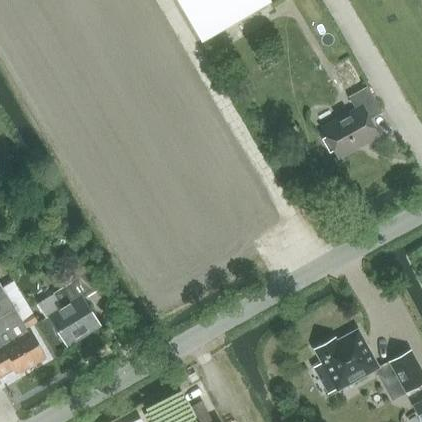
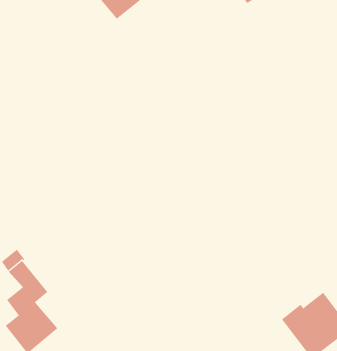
building: [321,87,380,158] -> none

